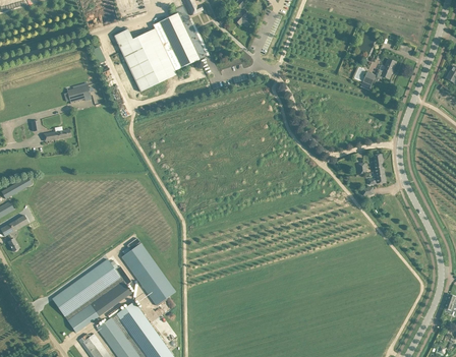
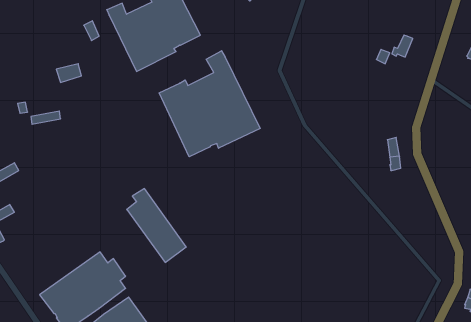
building: none -> [159,51,260,157]
building: [120,237,175,305] -> [127,189,186,262]

